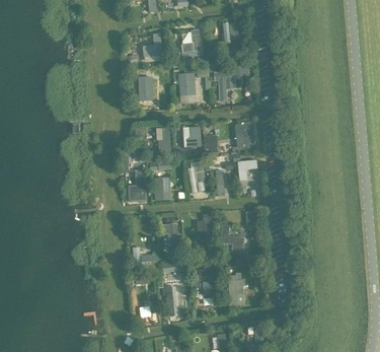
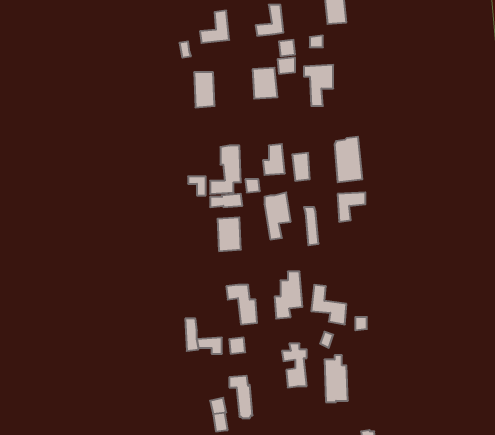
building: [128,172,146,201] -> none

